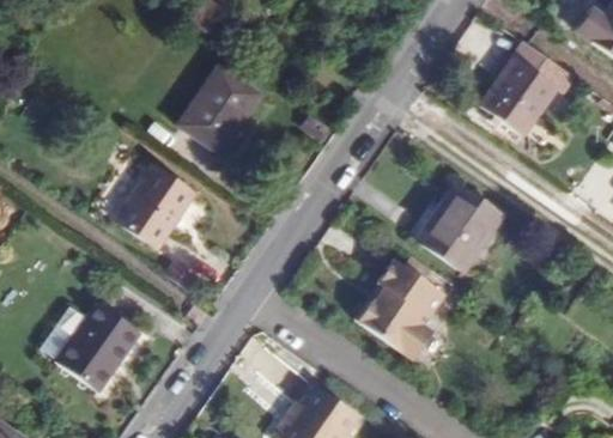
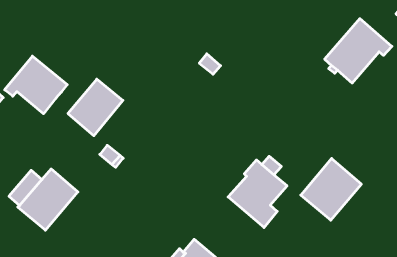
building: [177,65,261,154] -> none
building: none -> [5,56,67,114]
building: [417,182,503,272] -> [301,158,361,220]

